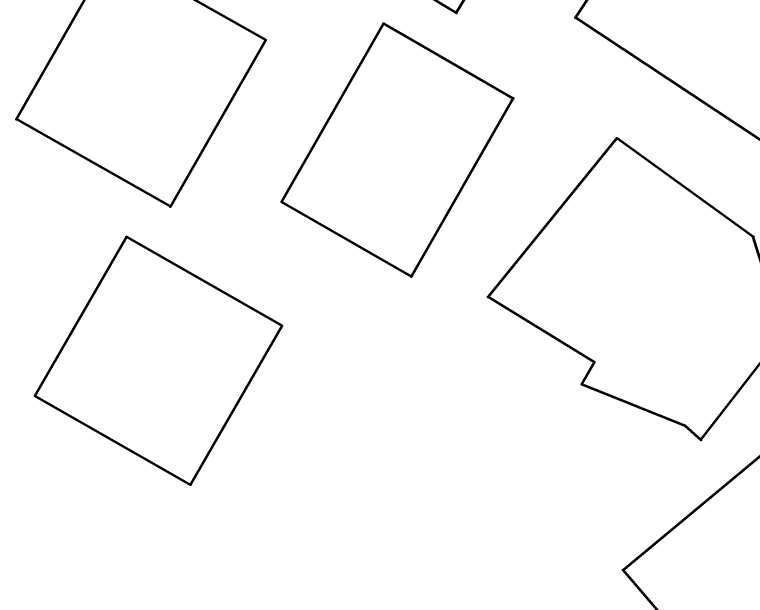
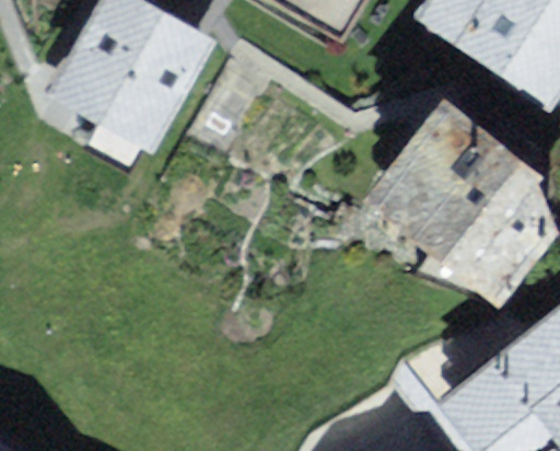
building: [282,24,513,277] -> none
building: [35,237,282,485] -> none

